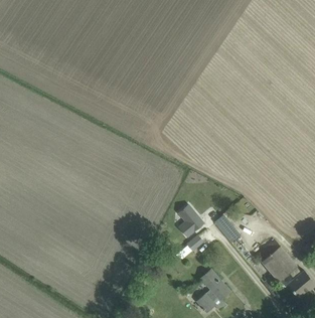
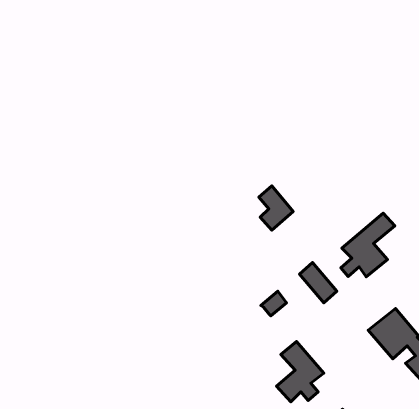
building: none -> [341,213,395,277]
building: [178,205,202,236] -> [259,186,293,230]

